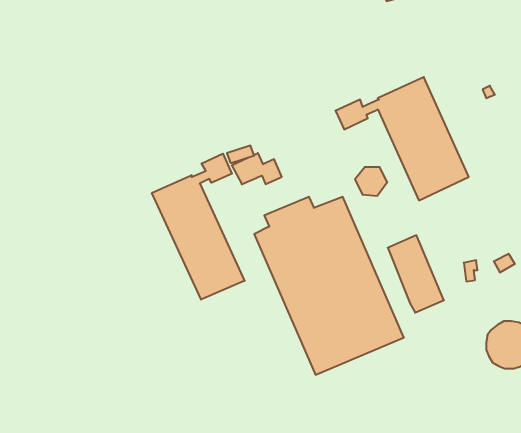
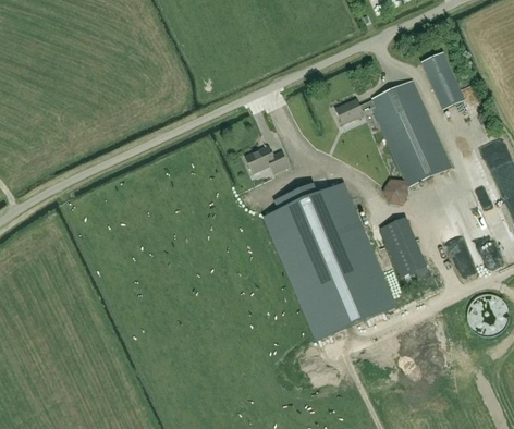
building: none -> [419,51,463,108]
building: [152,154,245,300] -> none
building: [355,167,387,196] -> [381,179,409,204]

